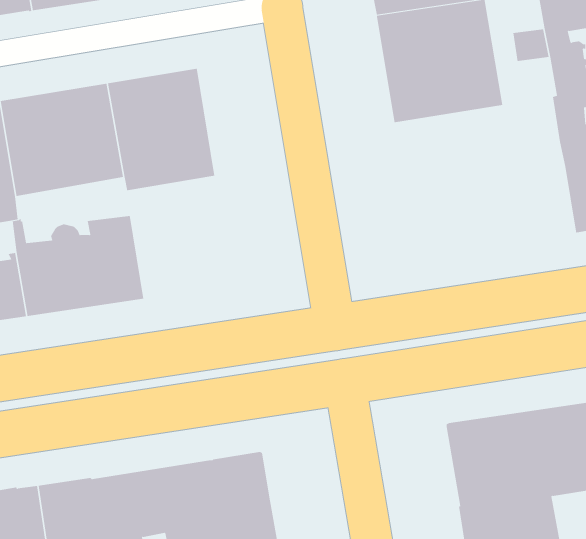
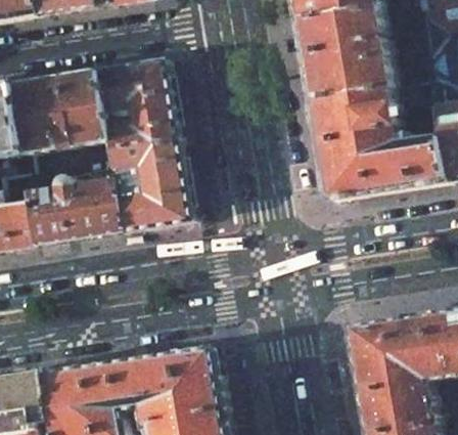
building: none -> [308,81,444,202]
building: none -> [107,140,187,232]

